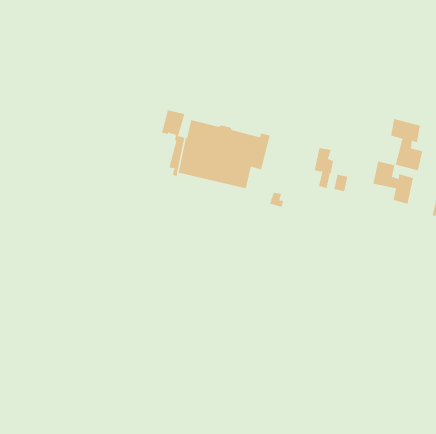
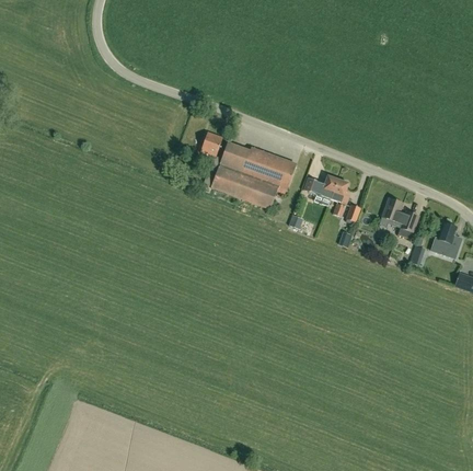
building: [390,118,423,171] -> none
building: none -> [304,174,338,198]

